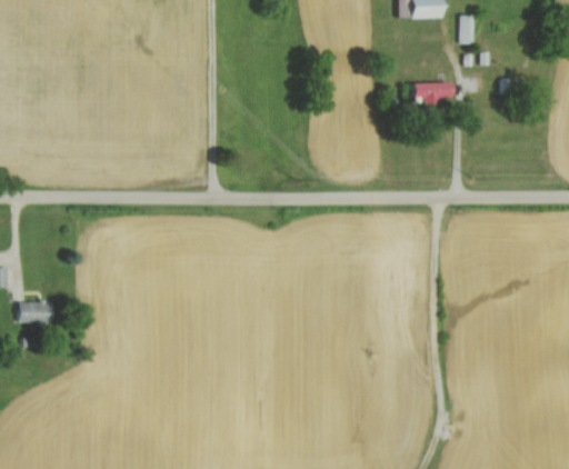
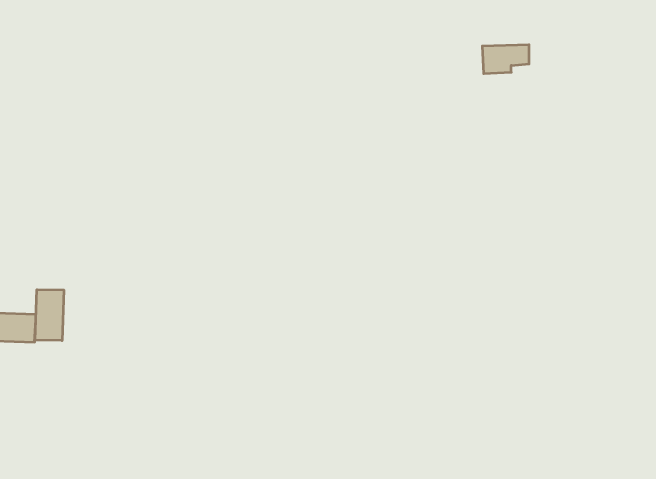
building: none -> [35,290,64,341]

